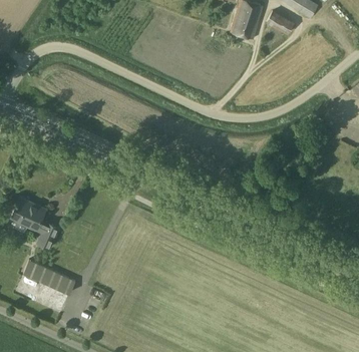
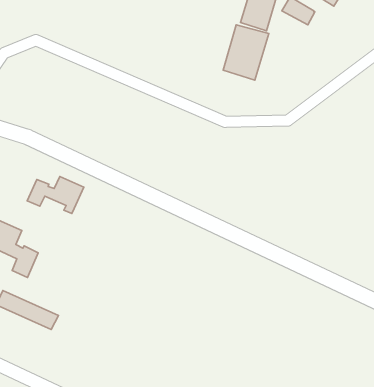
building: none -> [223,25,269,80]
building: none -> [27,177,84,213]

